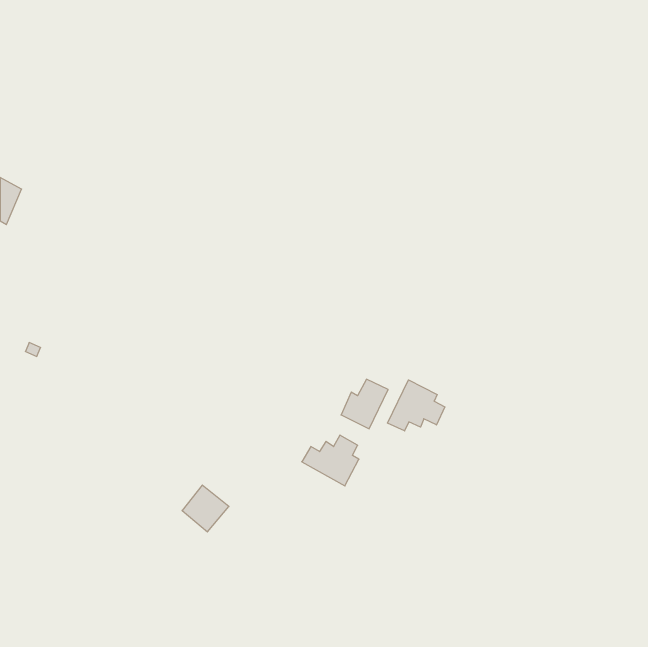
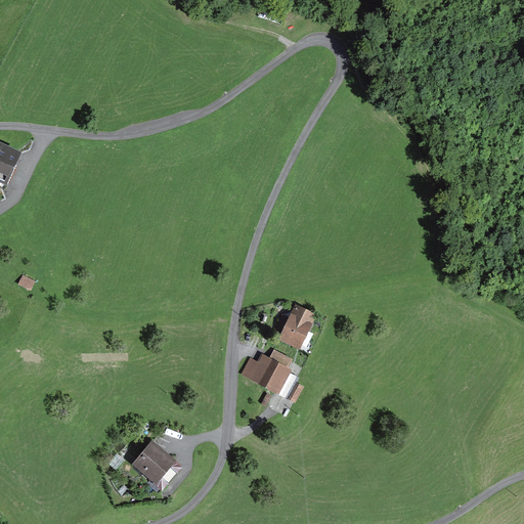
building: [388,380,445,431] -> none
building: [182,485,229,532] -> [135,442,173,480]

